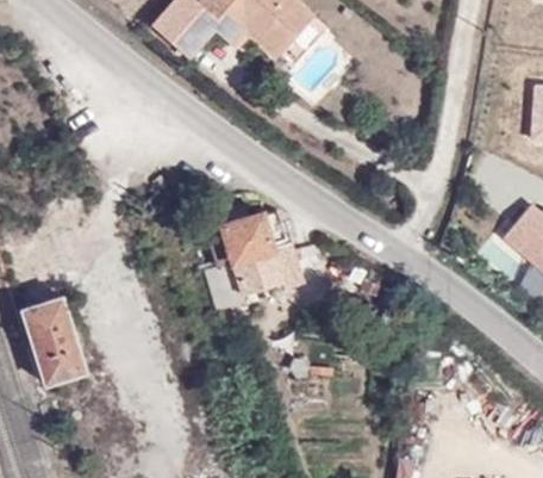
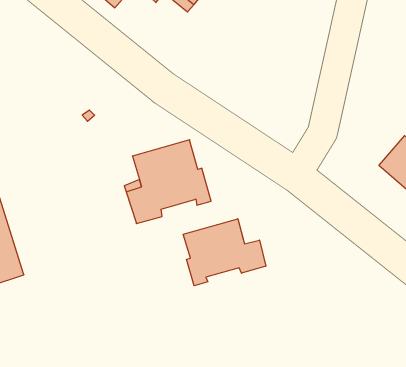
building: none -> [183,219,266,286]

